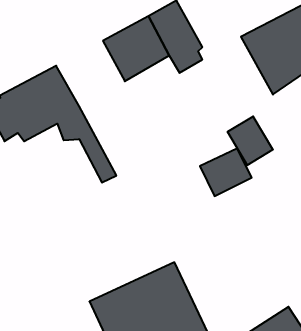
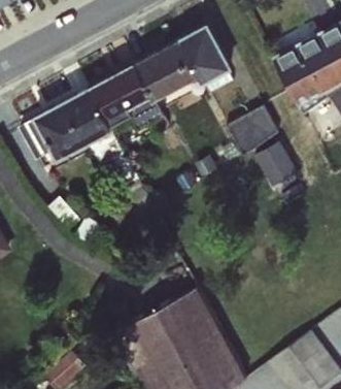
building: none -> [84,64,161,133]
building: [200,148,252,196] -> [228,105,279,153]

